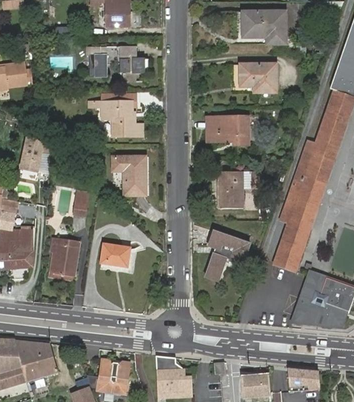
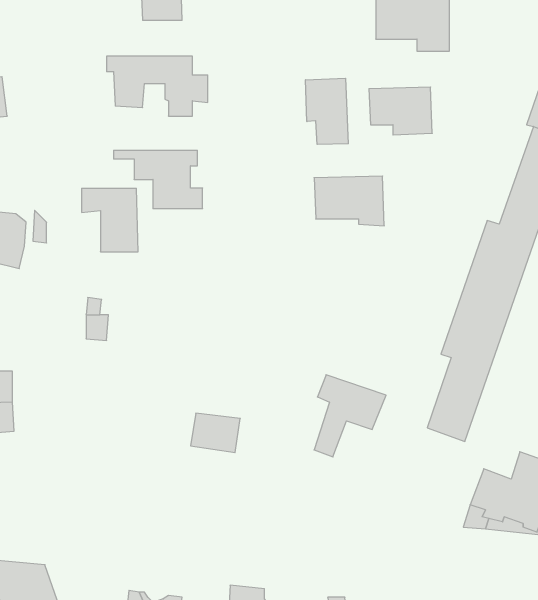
building: none -> [306,78,348,144]
building: [112,157,145,194] -> [82,188,138,252]
building: [217,171,256,208] -> none
building: [53,238,79,274] -> none
building: [100,243,129,266] -> [191,413,240,453]

